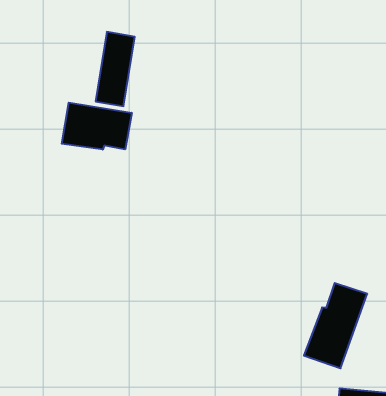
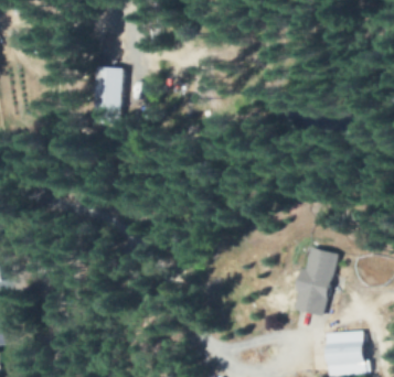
building: [62,103,132,150] -> none

